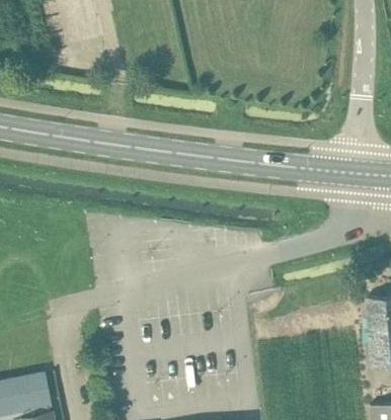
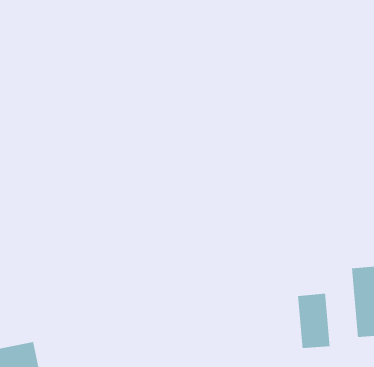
building: none -> [298,293,330,349]

